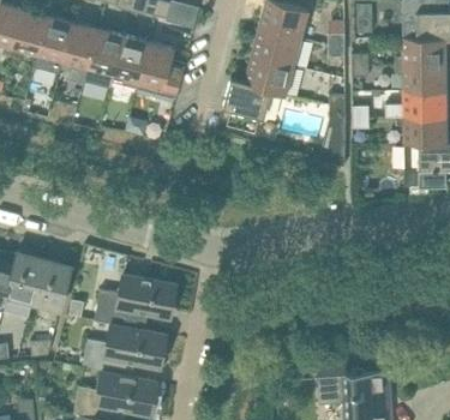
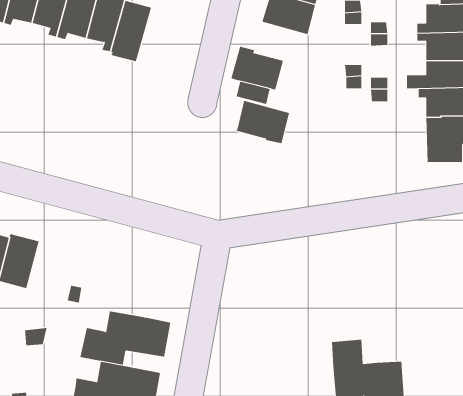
building: [134,42,184,103] -> none
building: [244,55,294,96] -> [236,100,290,144]
building: [32,259,72,311] -> none
building: [94,274,176,330] -> none

